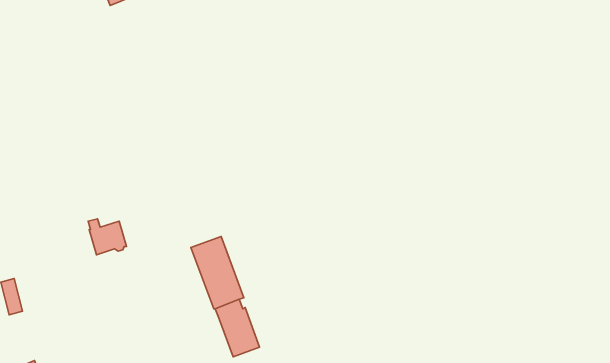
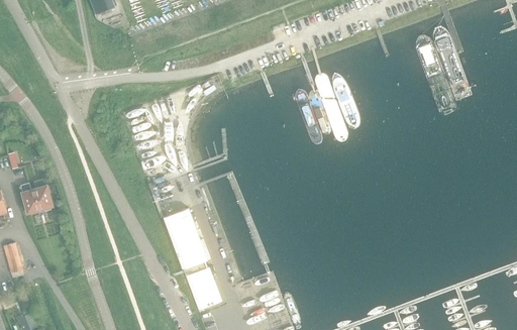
building: [88,219,127,255] -> [20,183,53,213]

